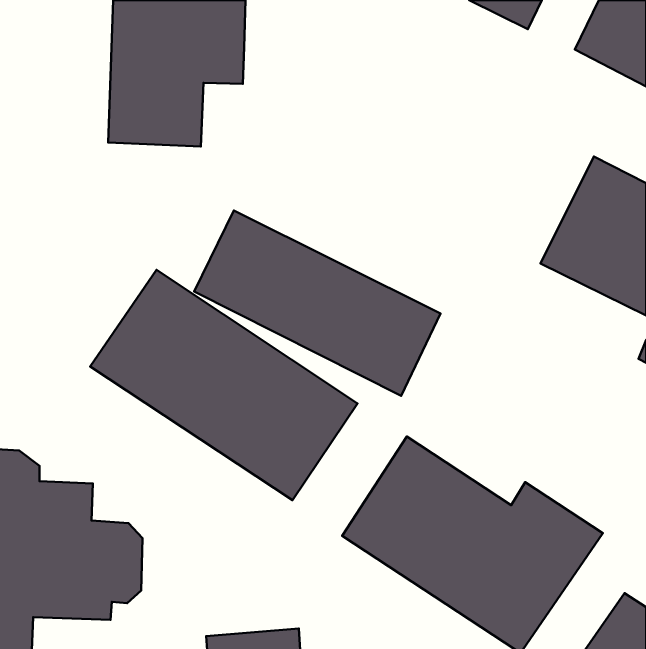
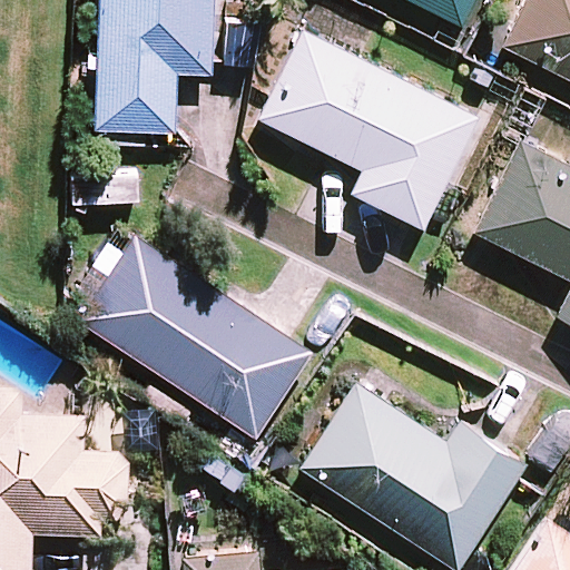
building: none -> [259,28,479,227]
building: [194,210,440,396] -> none

